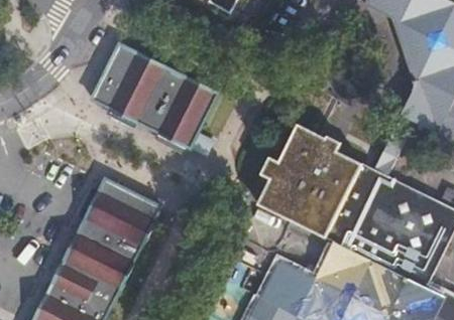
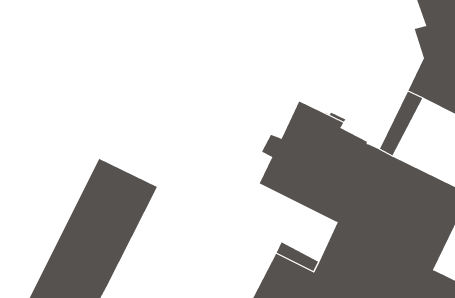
building: [90,43,216,148] -> none

